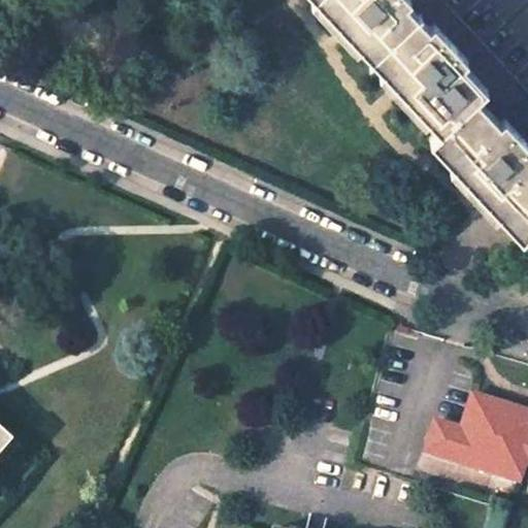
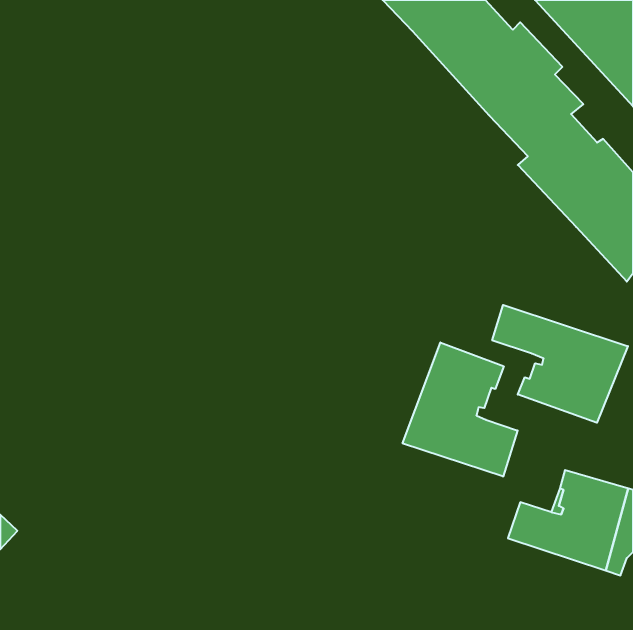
building: none -> [492,305,628,423]
building: none -> [403,342,518,477]

